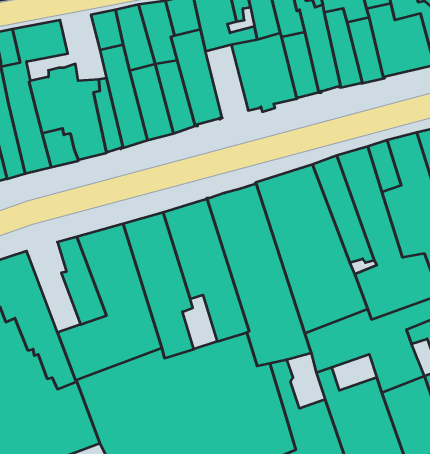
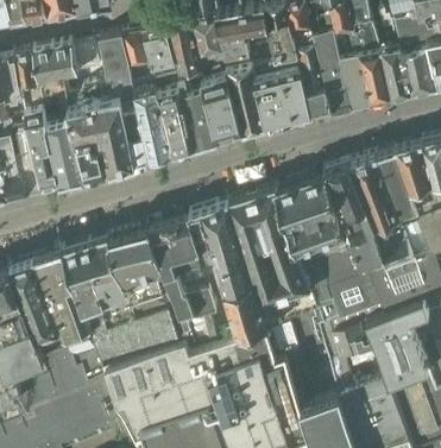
building: none -> [99,38,136,99]
building: none -> [227,65,267,133]
building: none -> [62,247,112,330]

